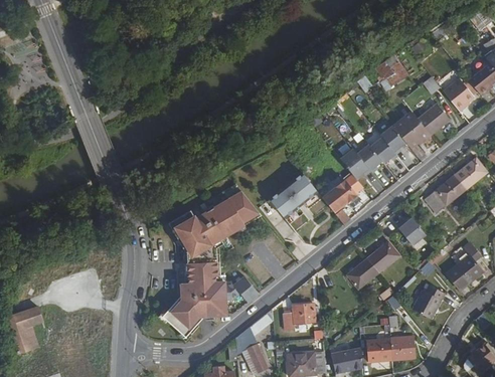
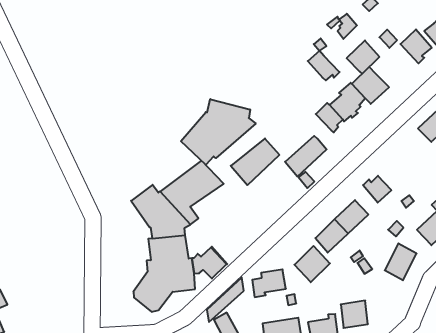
building: [417,103,449,135] -> [347,40,379,74]
building: none -> [181,99,256,165]
building: [339,149,369,178] -> [308,51,340,80]
building: [424,175,466,213] -> none
building: none -> [294,246,330,282]
building: [390,338,415,362] -> none

